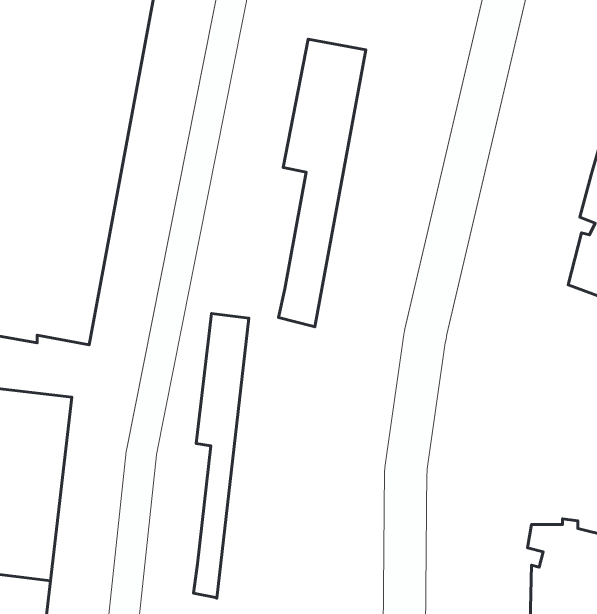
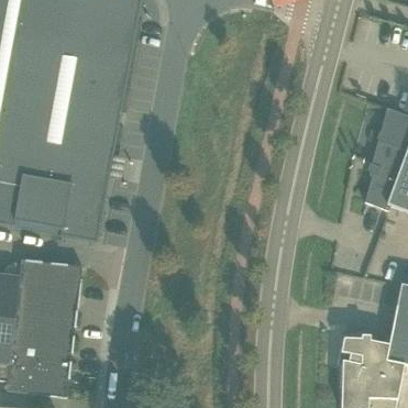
building: [278,39,366,327] -> none
building: [194,314,249,598] -> none

